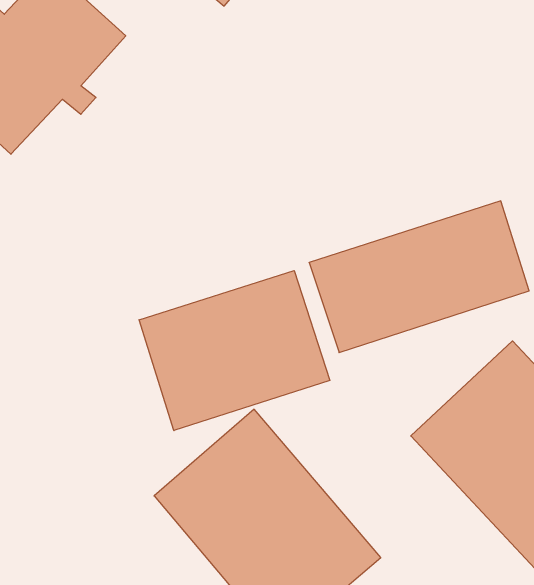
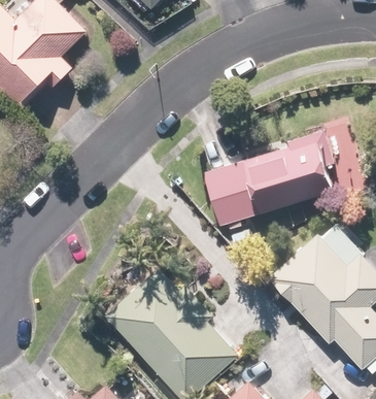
building: [139,271,330,431] -> none

